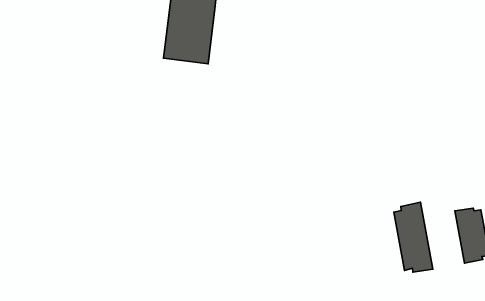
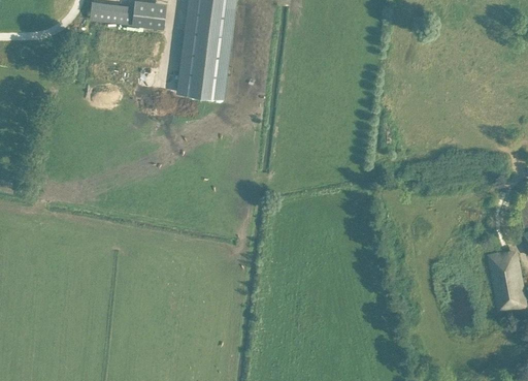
building: [394,202,433,272] -> none

